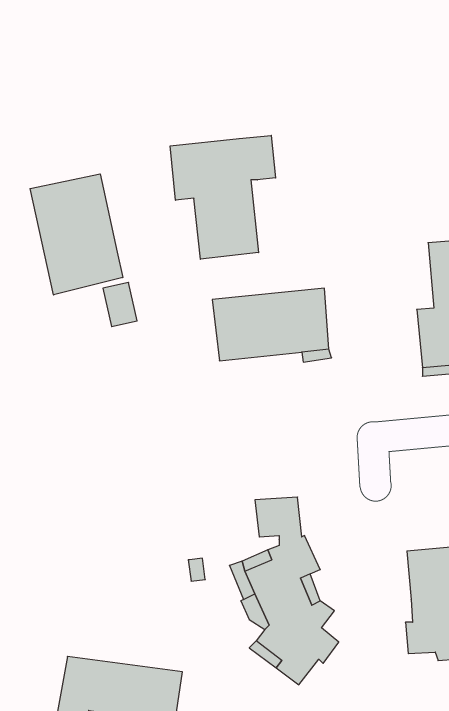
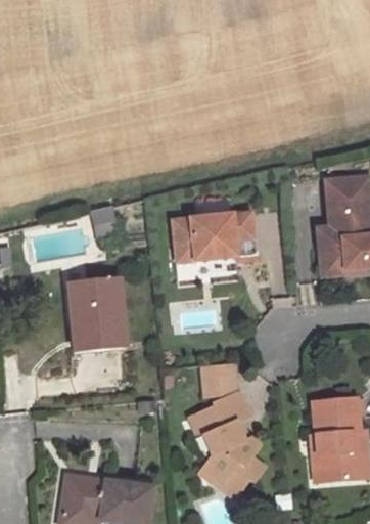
building: [170,135,276,259] -> none
building: [30,174,123,295] -> none
building: none -> [66,279,124,350]

